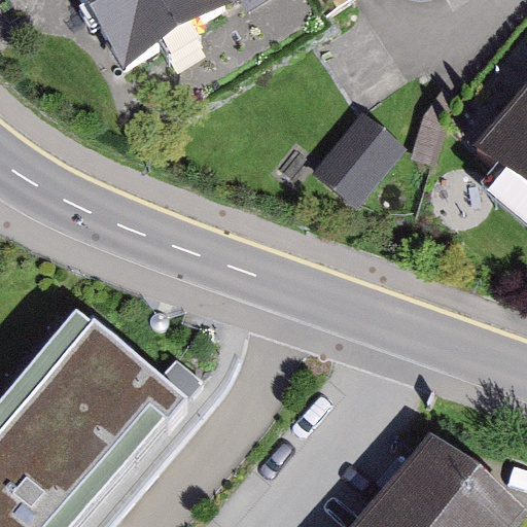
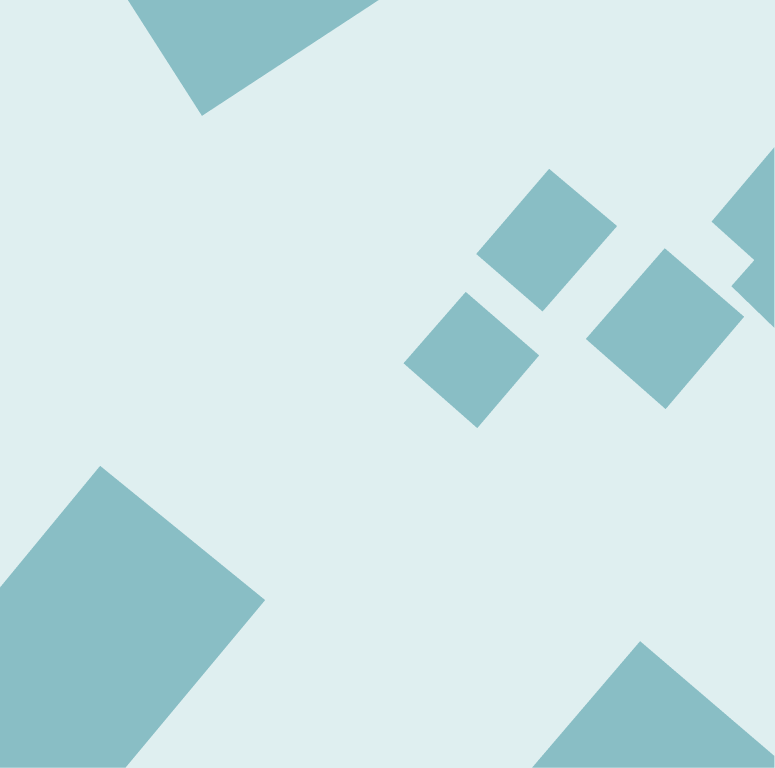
building: none -> [585,247,745,410]
building: none -> [403,291,540,429]

